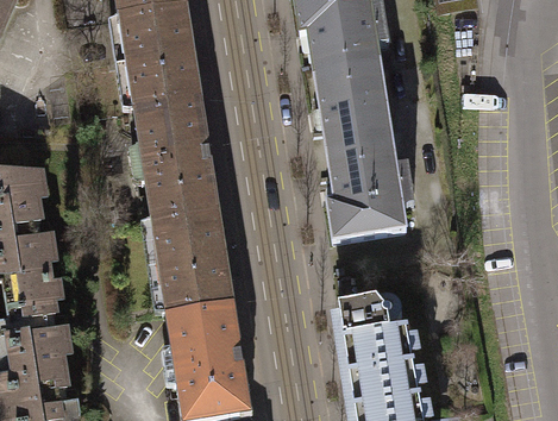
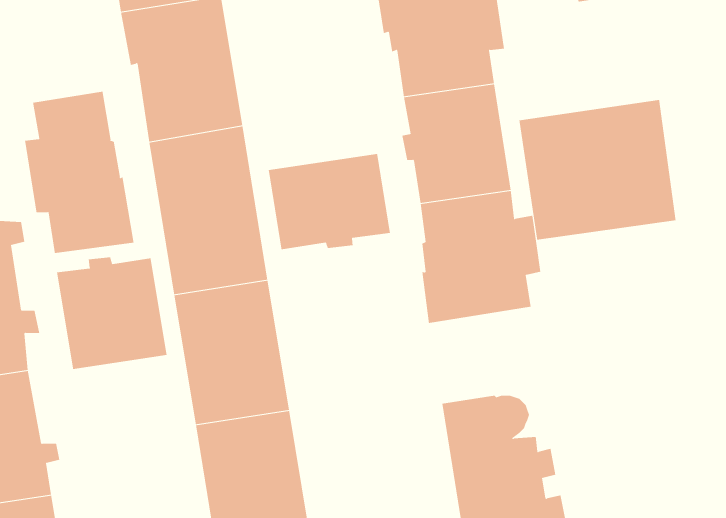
building: none -> [25,91,134,254]
building: none -> [519,99,676,241]
building: none -> [268,153,390,250]
building: none -> [57,257,167,370]

